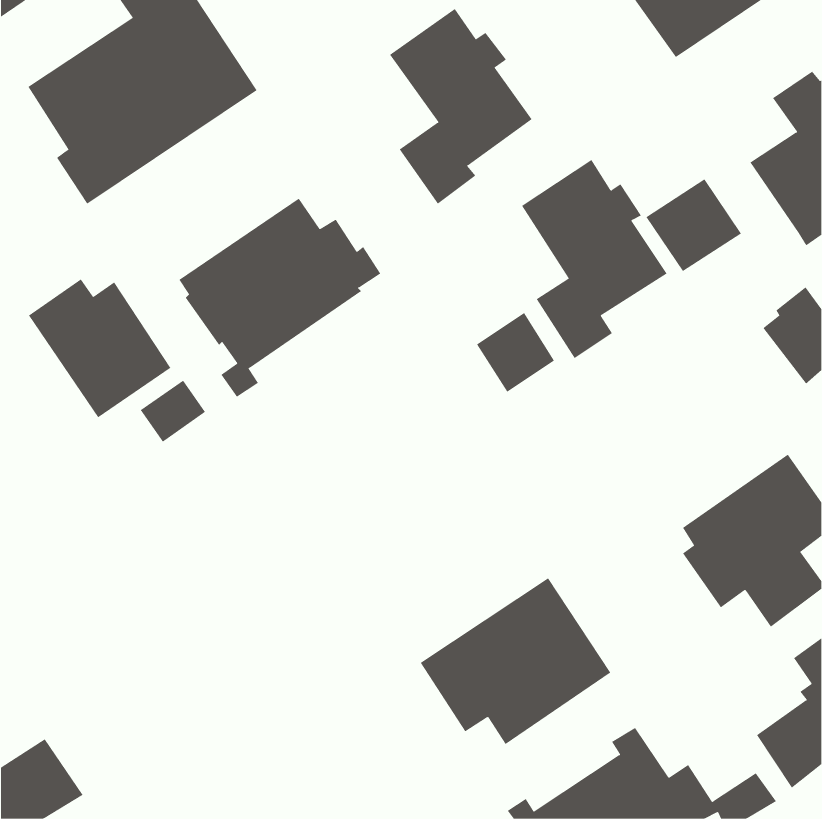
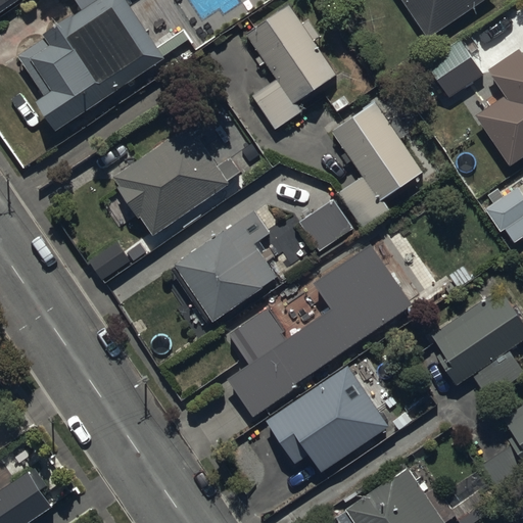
building: [645,179,742,272] -> [423,41,484,100]
building: [28,278,171,418] -> none
building: none -> [176,210,278,322]
building: none -> [229,245,412,417]

